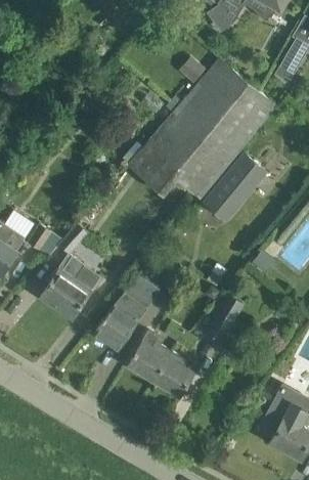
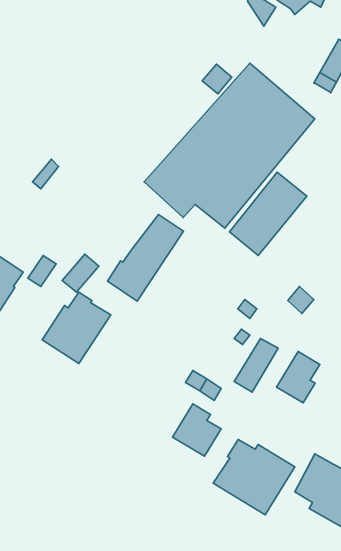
building: [94,275,160,350] -> [107,215,183,301]
building: none -> [277,352,320,403]
building: [127,331,171,381] -> none
building: none -> [213,439,295,515]

